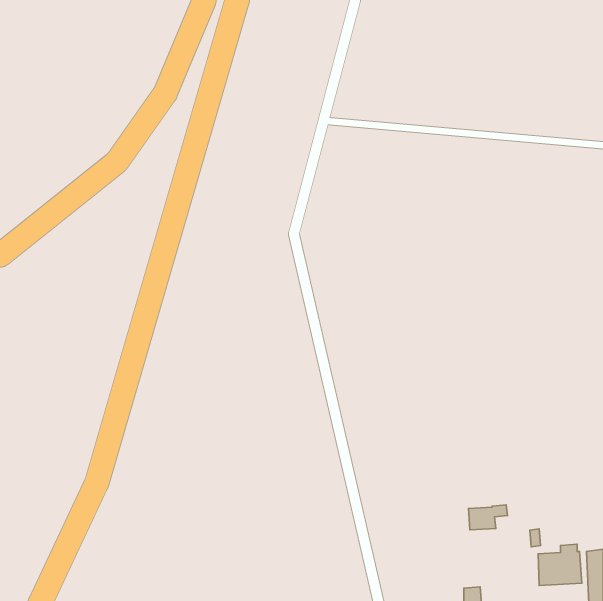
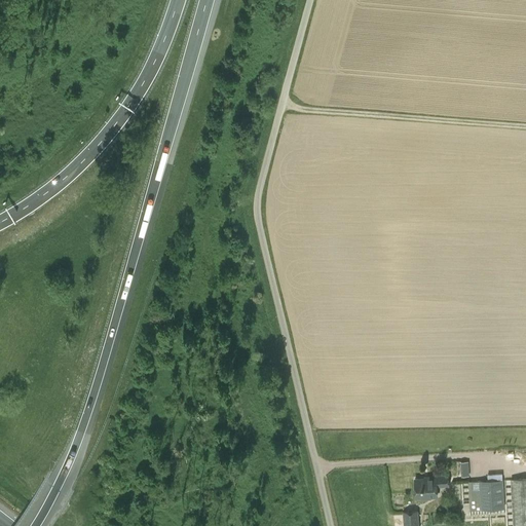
building: [469,505,508,530] -> [414,478,448,499]

